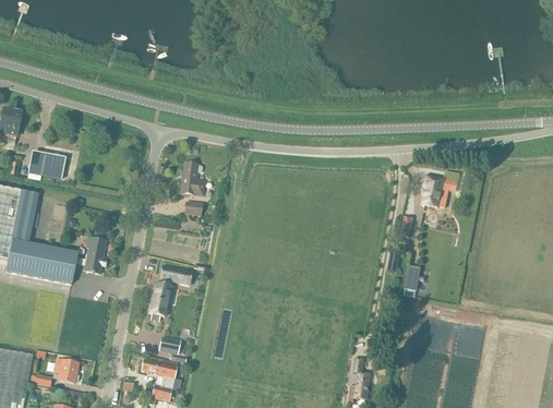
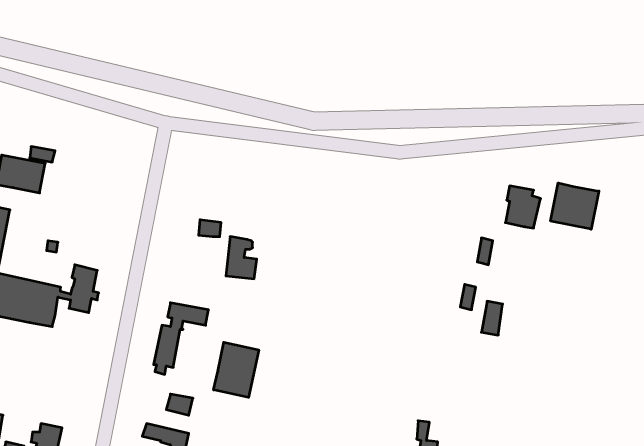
building: [181,161,205,194] -> [226,237,257,279]
building: none -> [551,183,599,229]
building: none -> [214,342,259,397]

